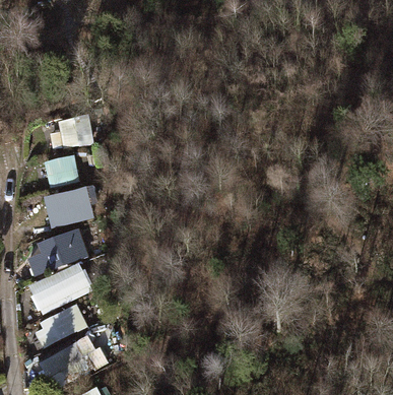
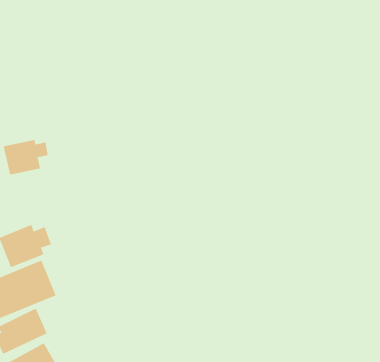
building: [50,115,91,148] -> none
building: [50,189,99,223] -> none

